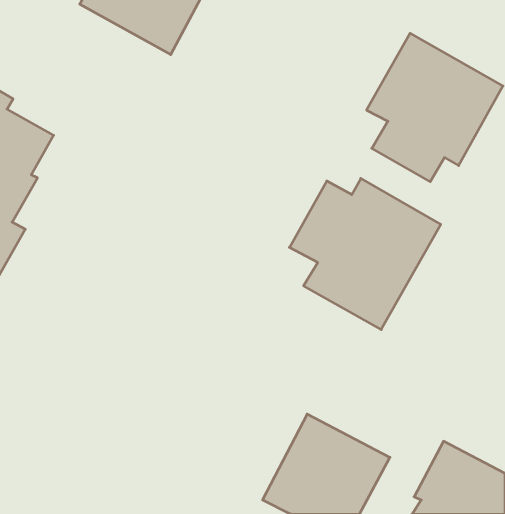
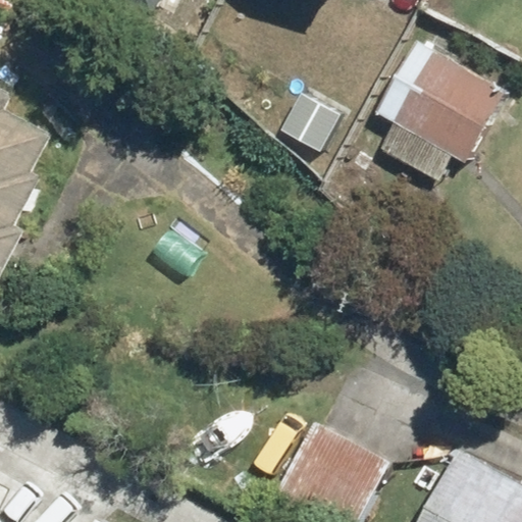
building: [289,178,441,330] -> none

